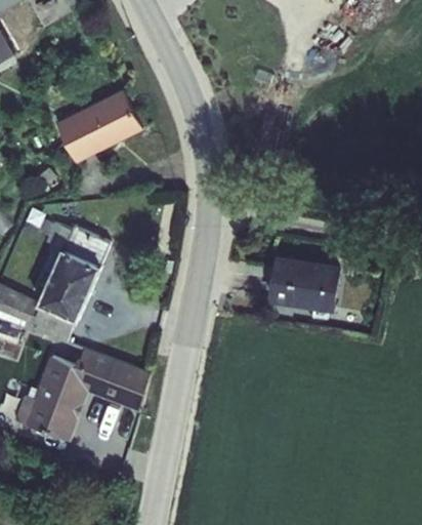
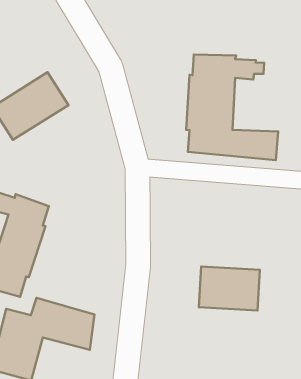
building: none -> [186,54,278,160]
building: [267,255,341,312] -> [199,267,260,310]

